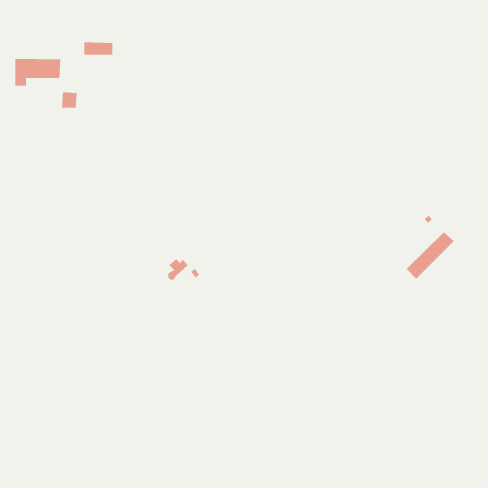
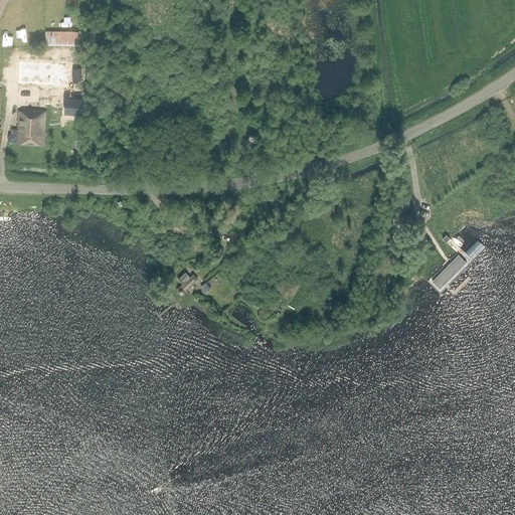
building: [83,42,113,55] -> [45,30,76,44]
building: none -> [11,110,45,144]

